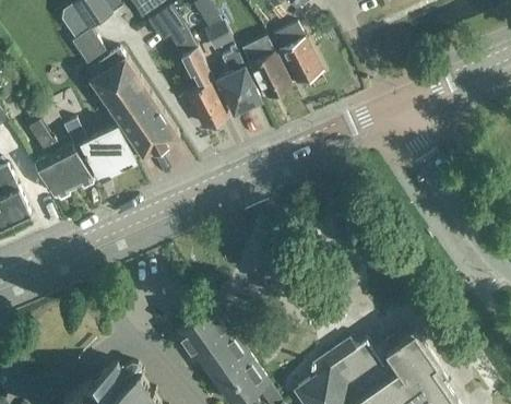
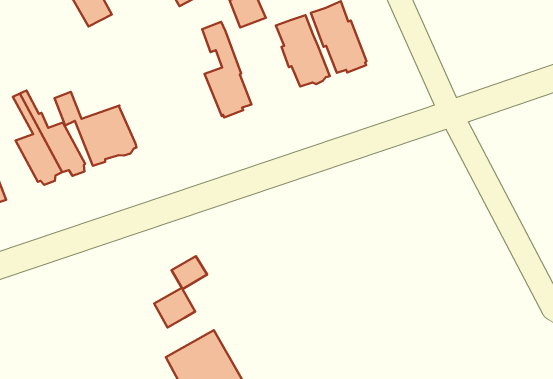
building: [218,47,261,116] -> none
building: [91,49,180,158] -> none
building: none -> [154,256,207,327]

